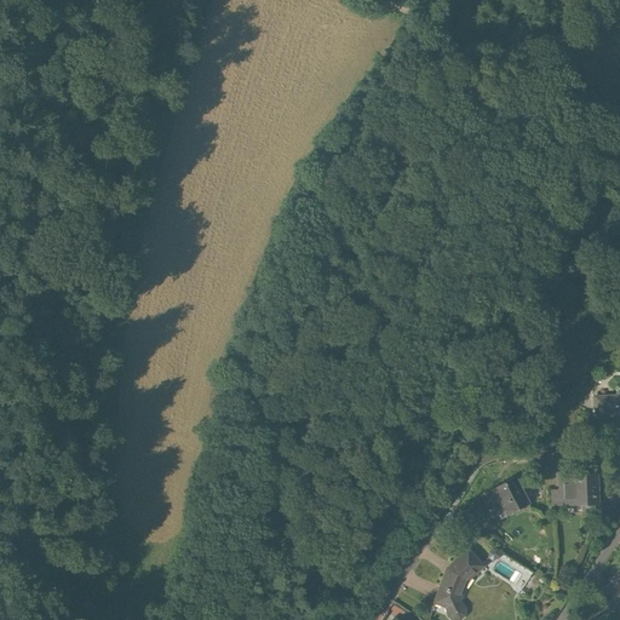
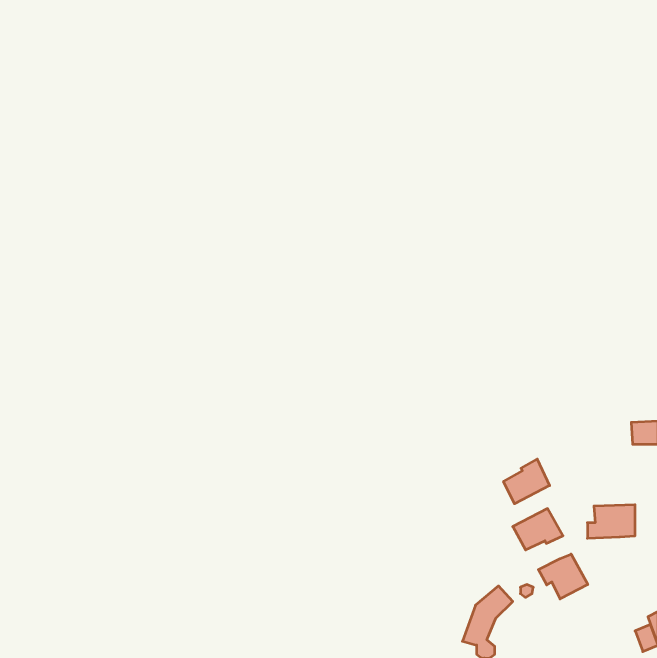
building: none -> [504,459,550,504]
building: none -> [538,554,588,599]

